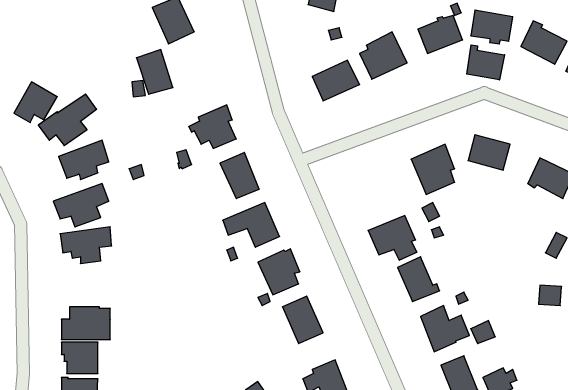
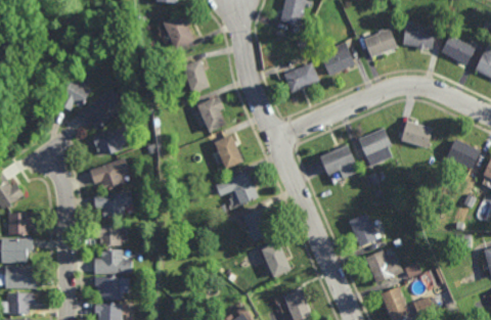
building: [467,45,505,80] -> none
building: [136,50,173,94] -> [182,60,210,94]
building: [368,216,417,260] -> [319,143,356,177]
building: none -> [94,223,126,245]

